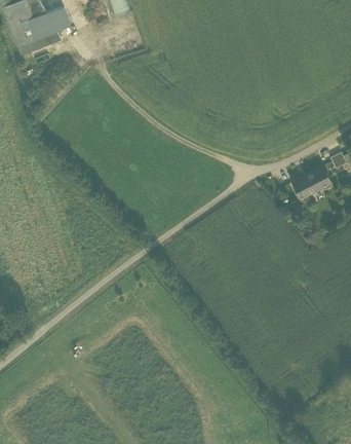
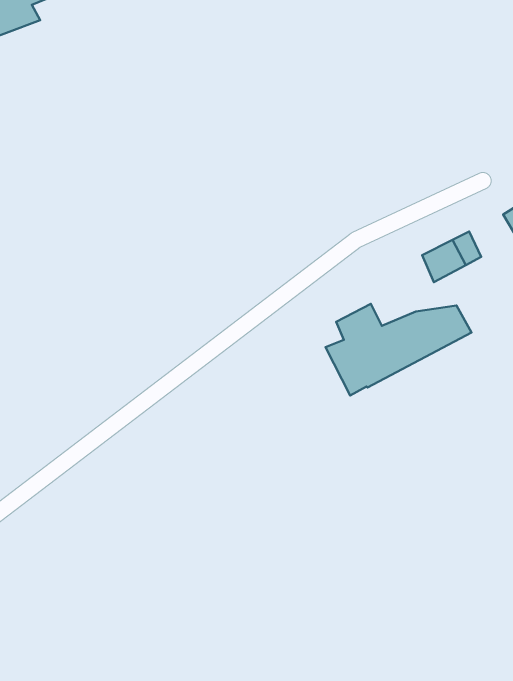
building: none -> [325,304,472,395]

